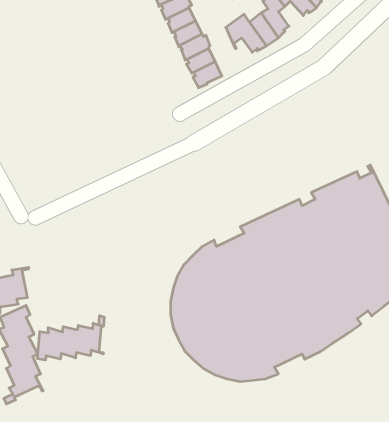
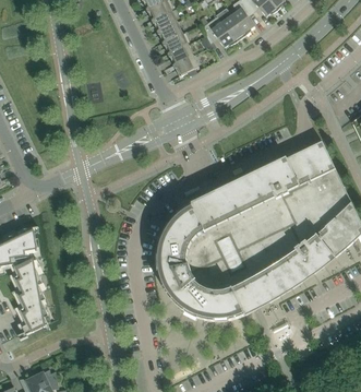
building: [38,316,104,360] -> none

